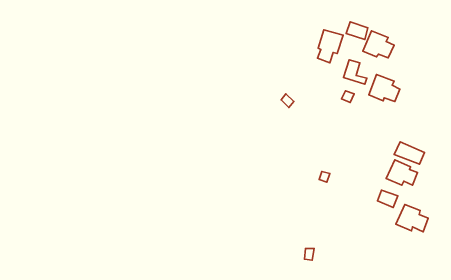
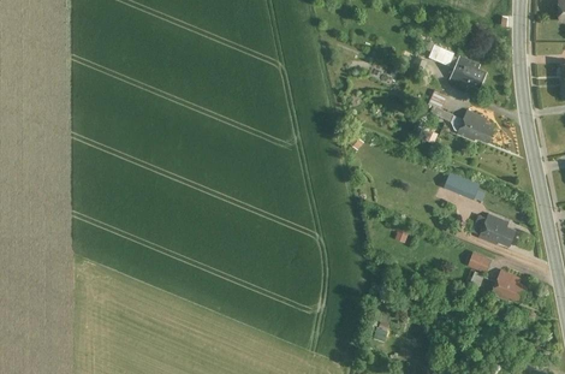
building: [317,30,343,63] -> none
building: [394,142,424,164] -> [442,171,480,198]

